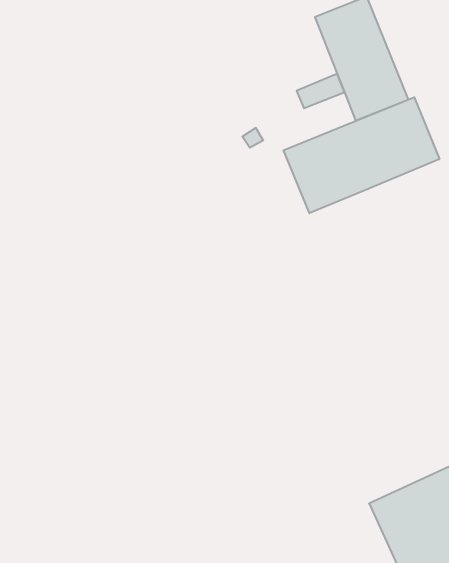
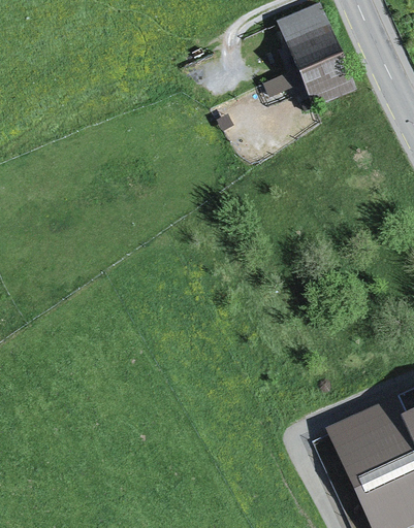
building: [284,97,439,213] -> none

